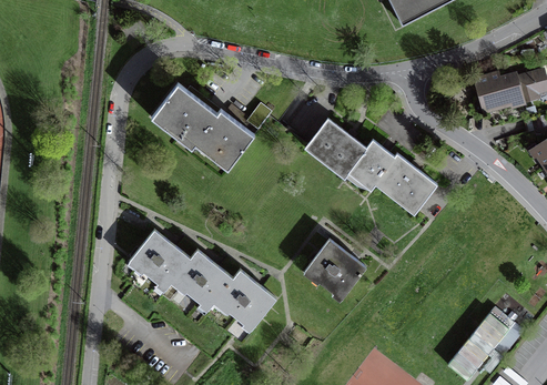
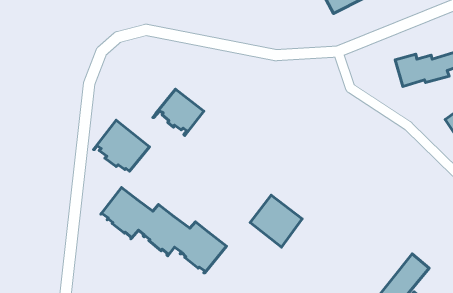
building: [151,83,216,143] -> [94,120,149,171]
building: [306,119,436,211] -> none

